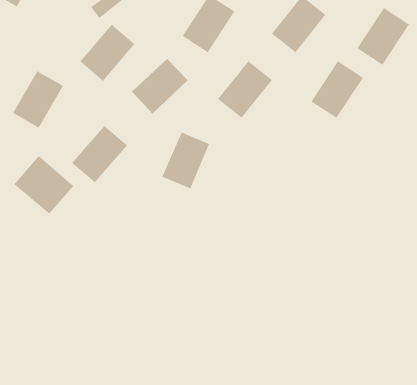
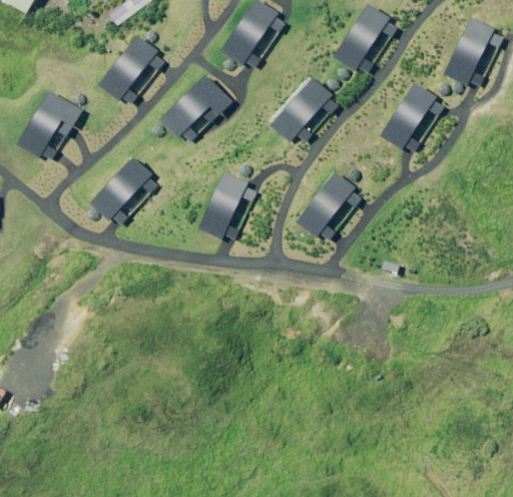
building: none -> [302,166,368,237]
building: [13,155,74,215] -> none

